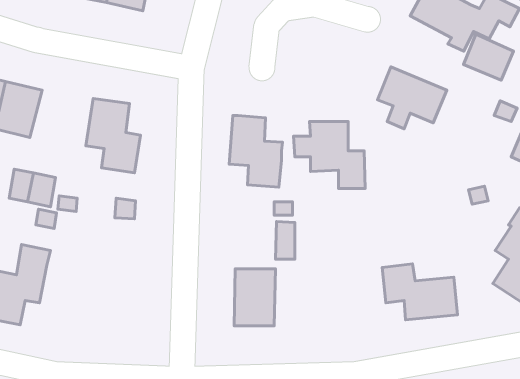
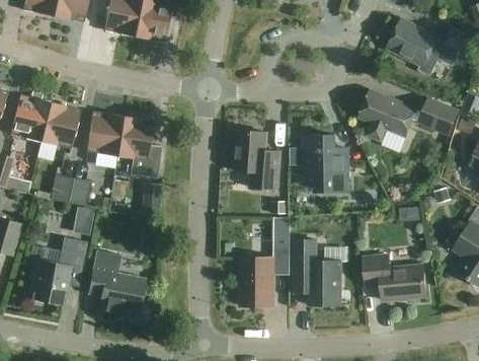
building: [464,34,513,80] -> [419,96,461,135]
building: none -> [86,111,123,155]
building: none -> [294,238,341,304]
building: none -> [88,252,145,313]

